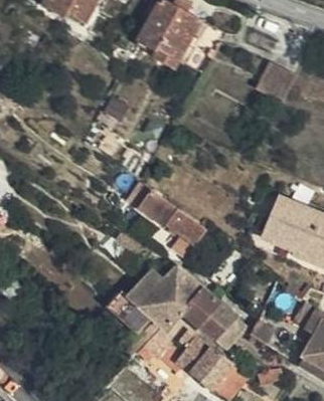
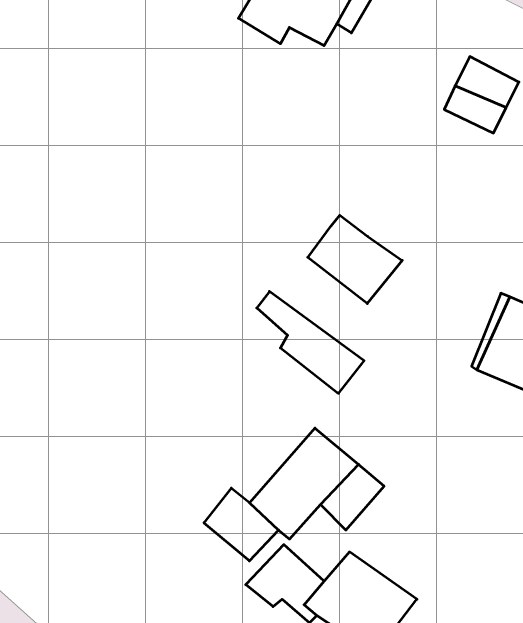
building: none -> [308,215,402,304]
building: [192,296,245,348] -> none

